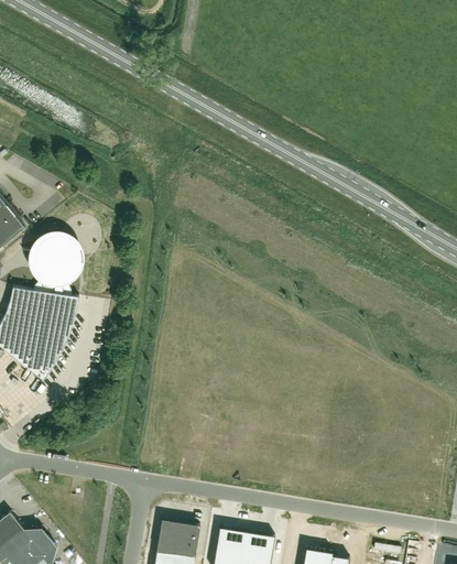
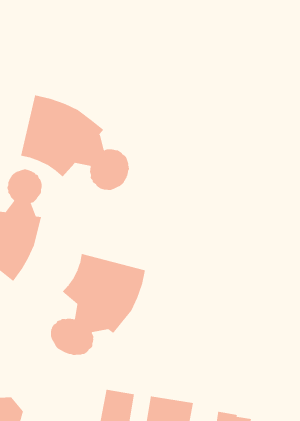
building: none -> [21,94,130,191]
building: none -> [50,253,146,356]

